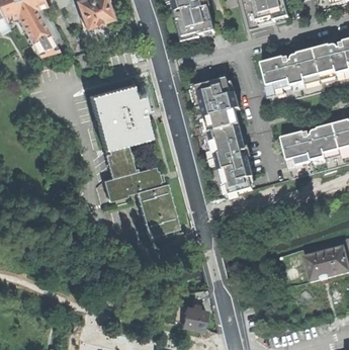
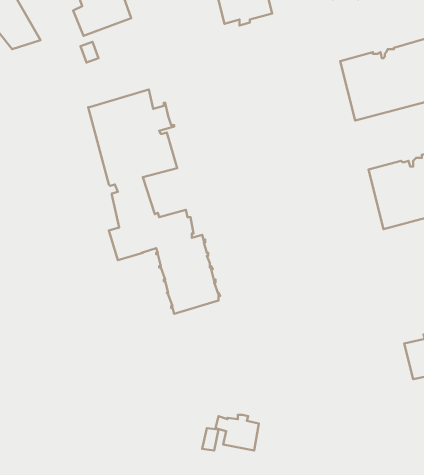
building: [195,77,252,192] -> none

